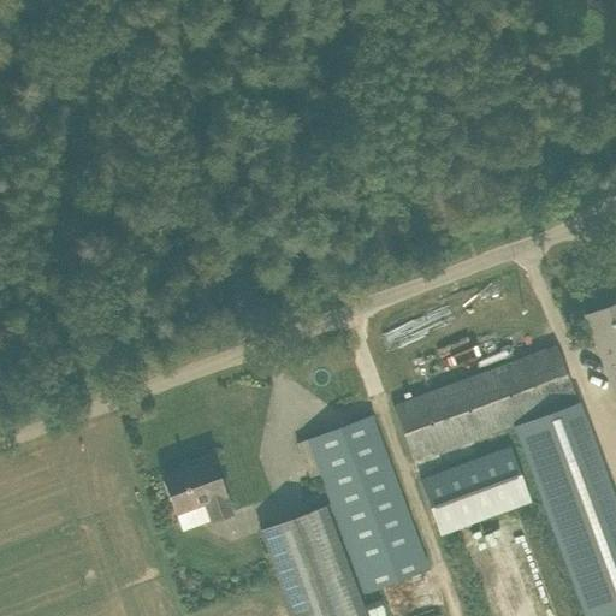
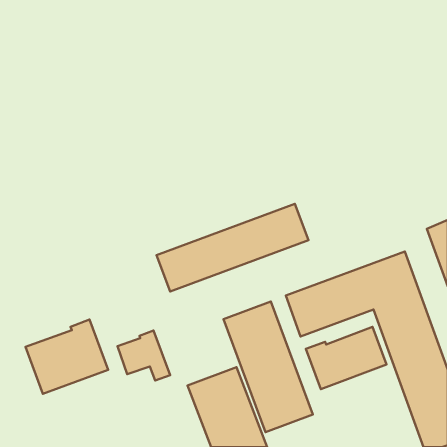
building: none -> [157,204,309,291]
building: none -> [26,320,108,394]

